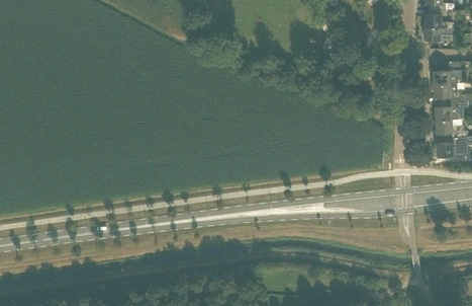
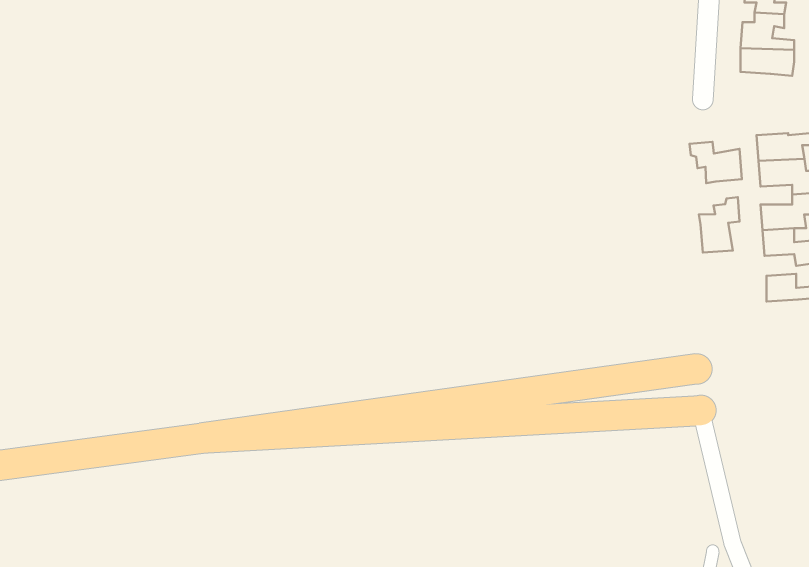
building: none -> [689,142,742,183]
building: none -> [699,197,740,252]

